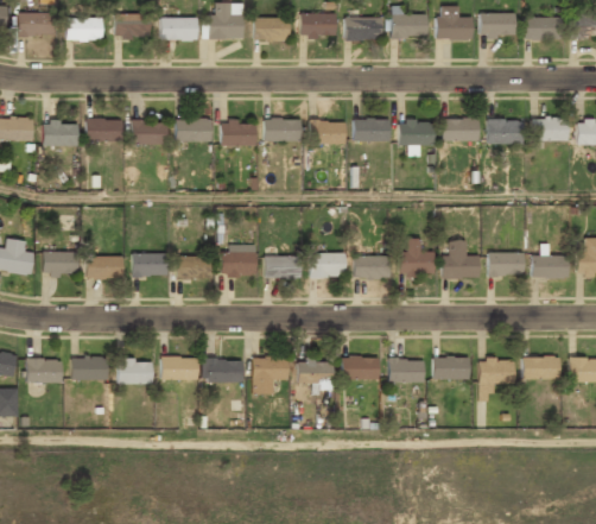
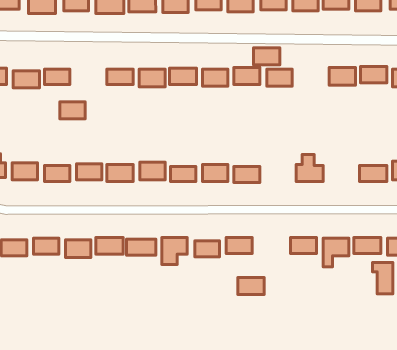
building: [442,118,478,141] -> [254,48,280,65]
building: [132,121,167,145] -> [60,102,85,119]
building: [400,239,435,274] -> none
building: [487,253,524,276] -> none
building: [387,358,424,381] -> [238,278,264,294]
building: none -> [372,262,393,294]

